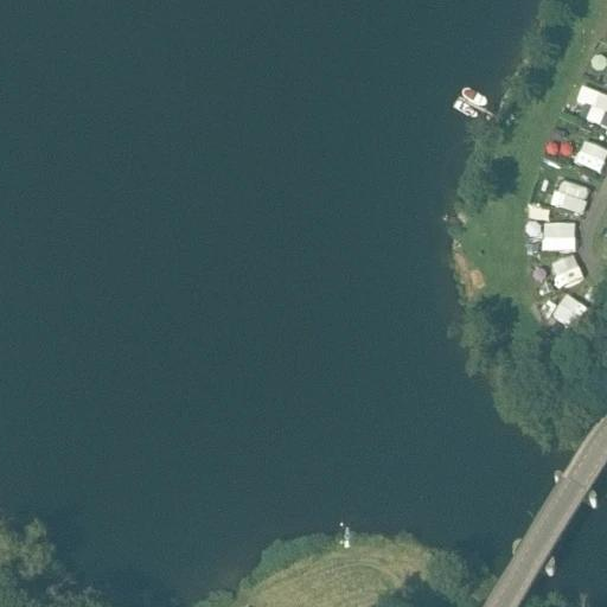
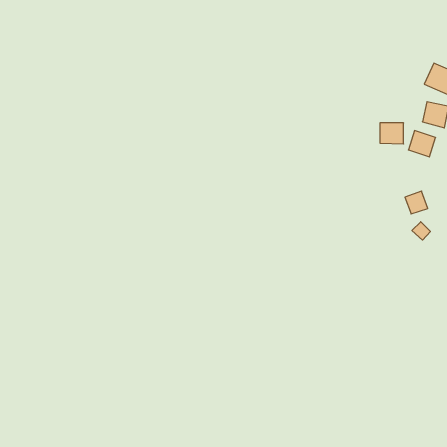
building: [547,224,579,253] -> [380,123,404,144]

